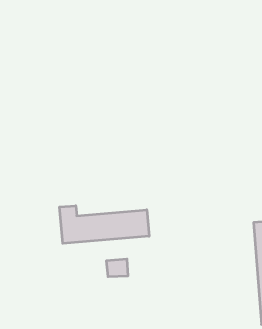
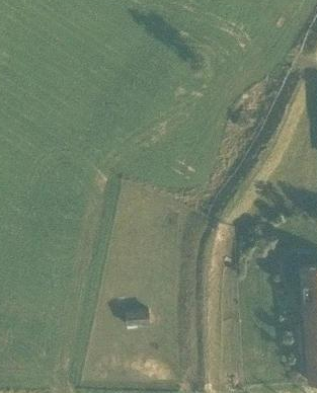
building: [60,206,149,243] -> none

